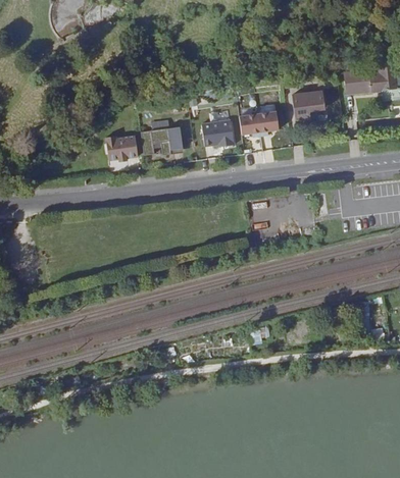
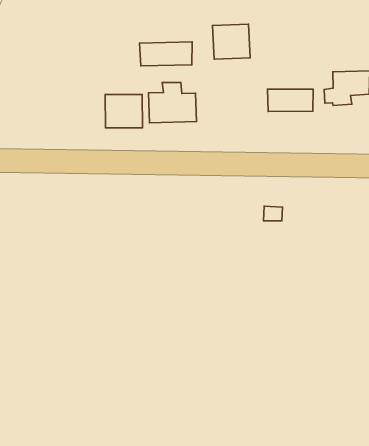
building: none -> [140,42,192,66]
building: [202,117,237,150] -> [213,24,250,59]

